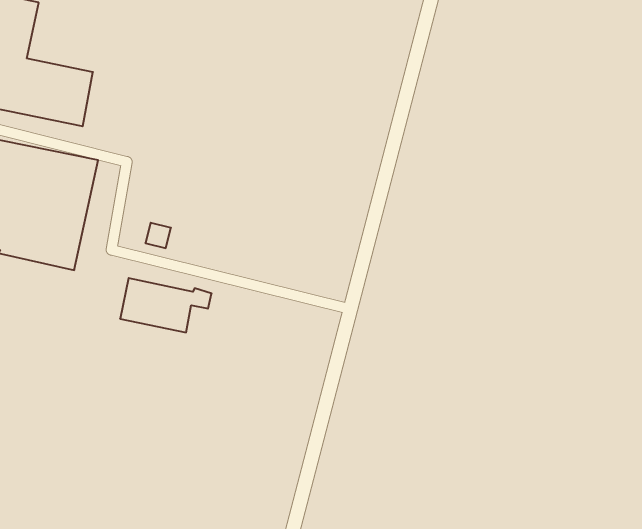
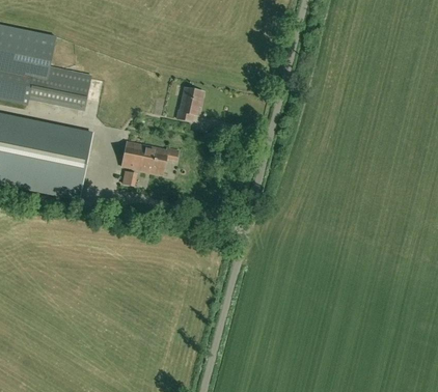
building: none -> [176,87,203,119]
building: [120,278,212,332] -> [121,141,177,174]

